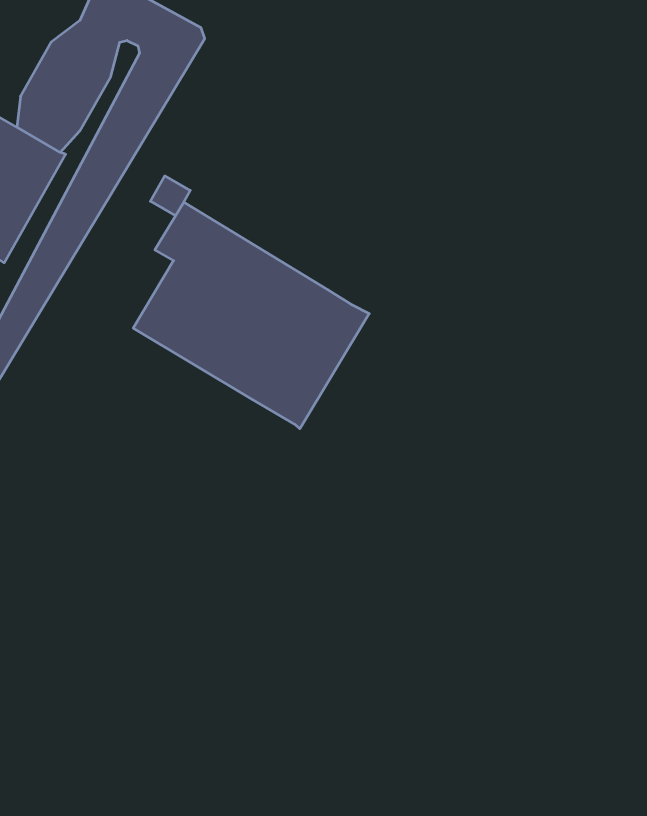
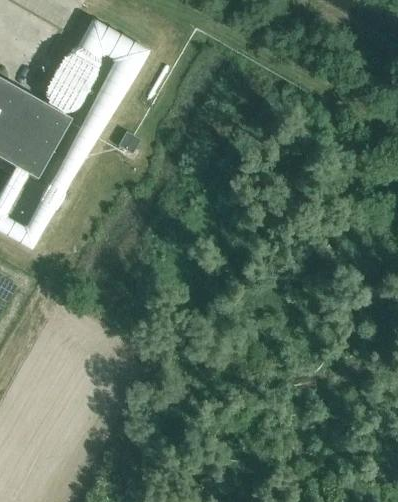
building: [133,202,369,429] -> none

